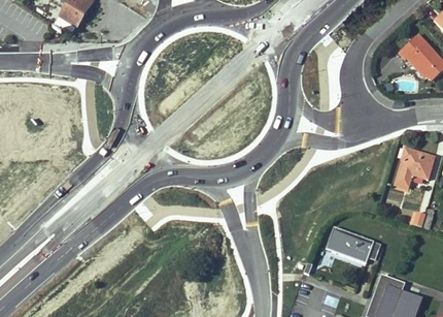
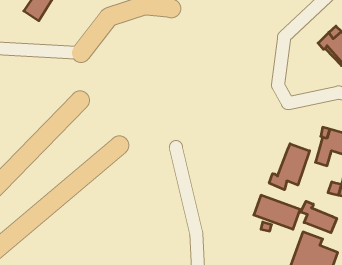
building: none -> [269,144,310,190]
building: none -> [301,201,337,233]

